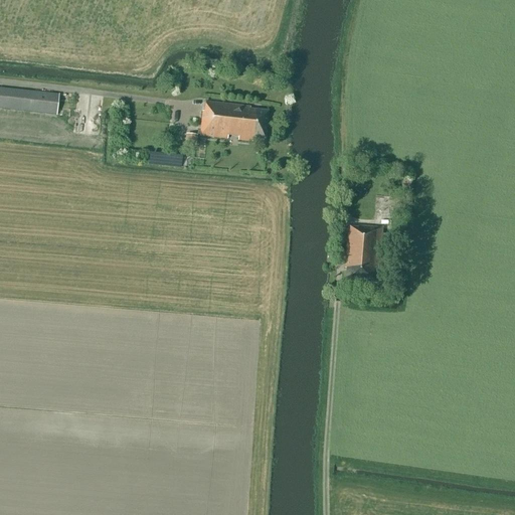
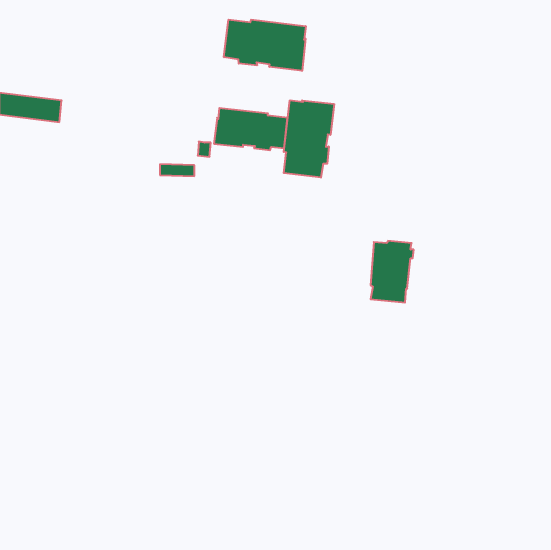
building: none -> [224,20,306,71]
building: none -> [284,100,334,178]

